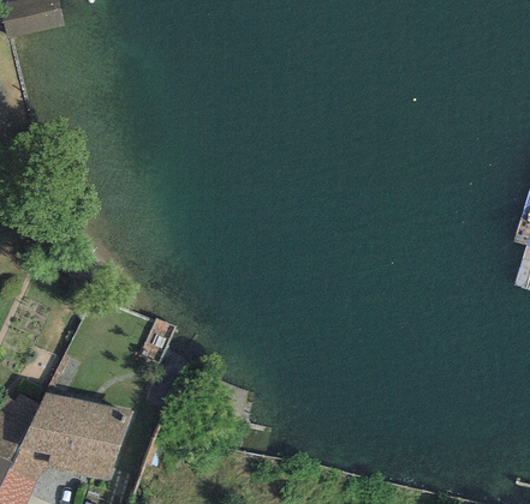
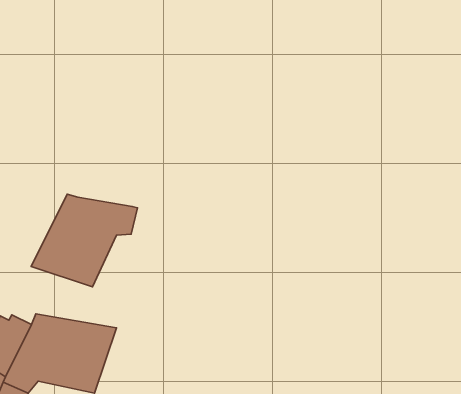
building: none -> [31,194,137,287]

